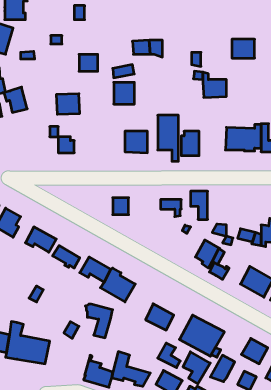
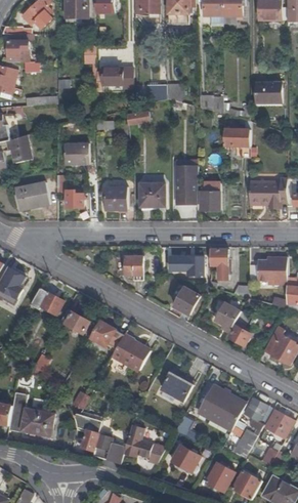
building: [79,54,98,71] -> [101,67,122,85]
building: [114,82,134,104] -> [104,186,127,210]
building: none -> [15,182,50,209]
building: none -> [257,256,287,284]
building: none -> [174,288,200,315]
building: [85,304,113,338] -> [73,413,102,450]
building: [183,352,210,384] -> [244,396,273,431]

